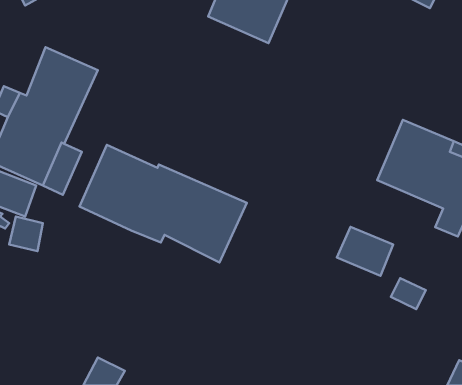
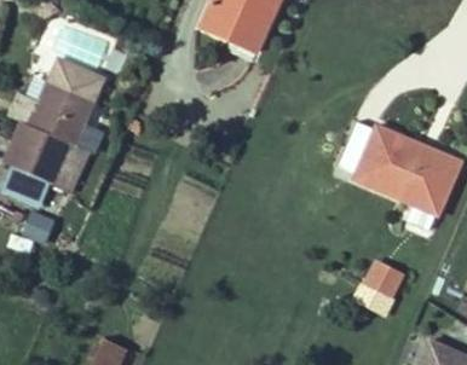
building: [79,145,247,263] -> none
building: [337,227,393,276] -> none

